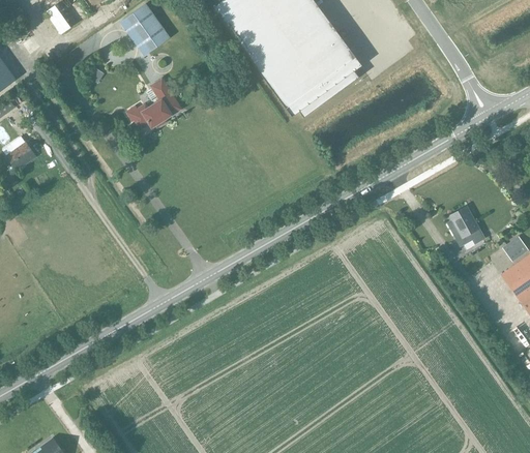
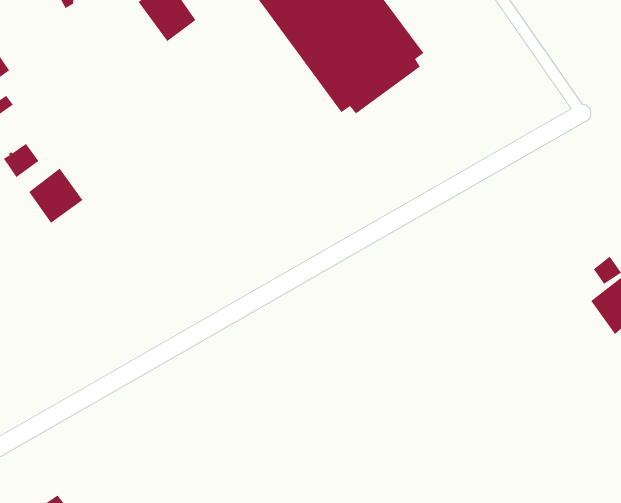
building: [131,81,179,127] -> none
building: none -> [28,168,84,224]
building: [447,206,478,245] -> none

